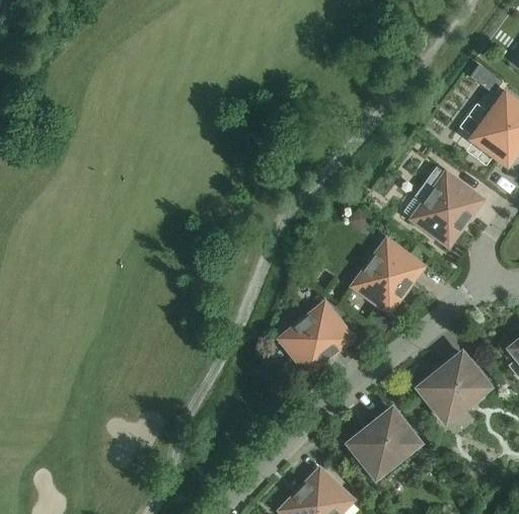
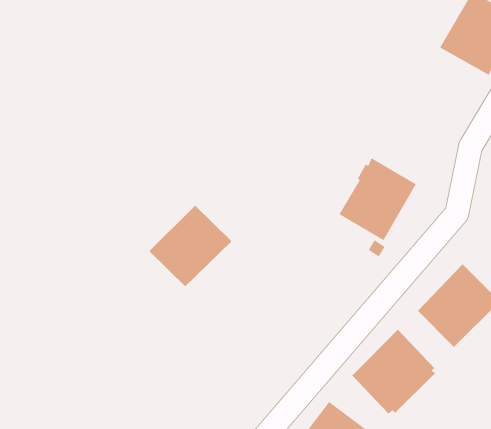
building: [407,166,487,249] -> none
building: [276,299,357,377] -> [148,205,232,287]

